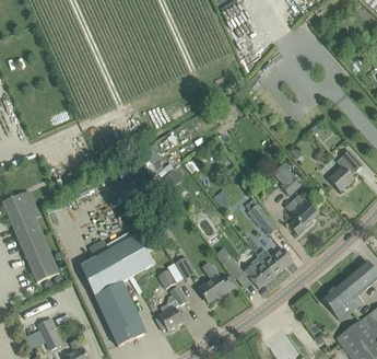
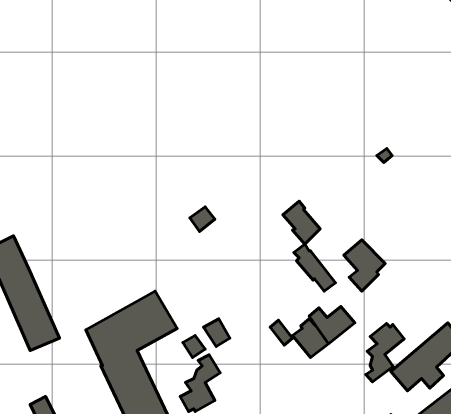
building: [329,149,362,189] -> none
building: [272,161,302,195] -> [283,201,320,244]
building: none -> [366,323,404,382]
building: [198,267,235,301] -> none

